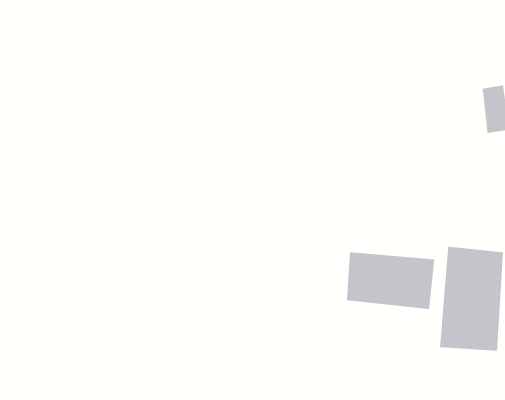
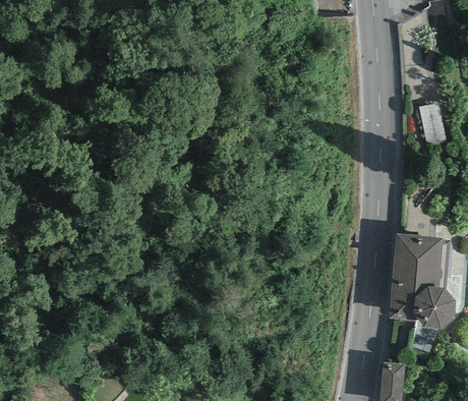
building: [346,252,435,310] -> none

